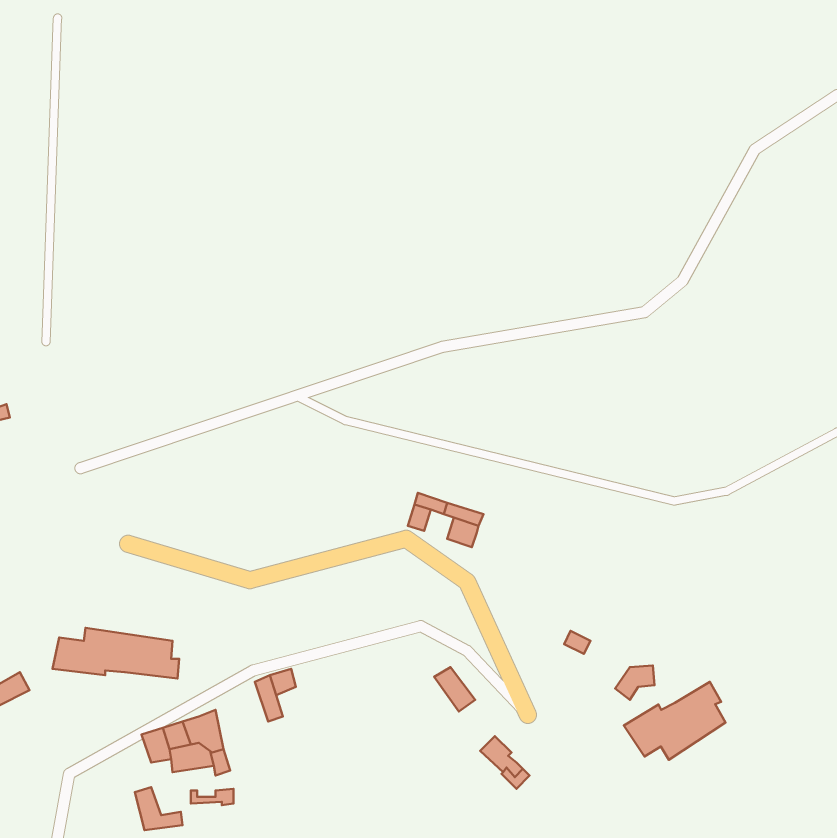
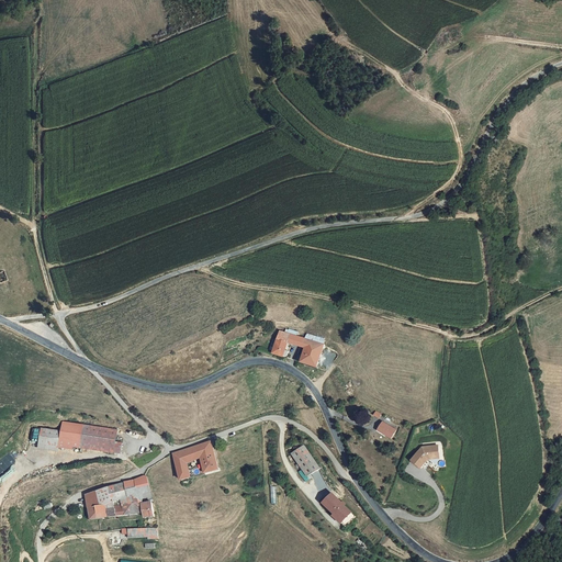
building: none -> [193,442,216,477]
building: [624,682,726,760] -> none
building: [135,787,182,830] -> [83,491,115,519]

